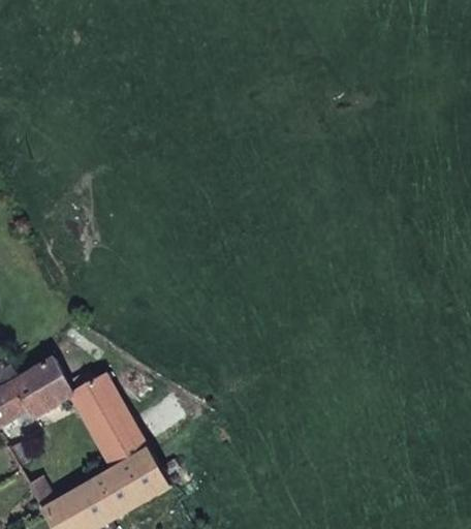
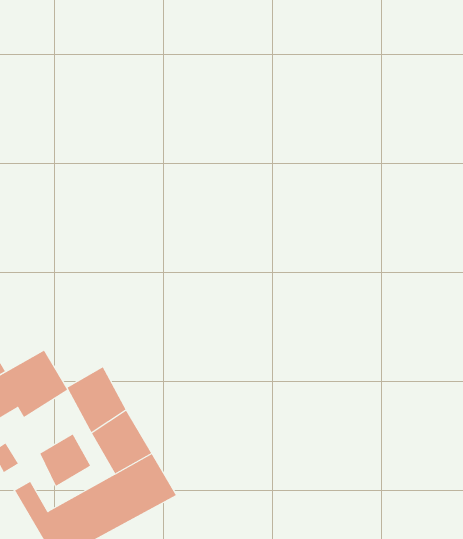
building: none -> [40,434,91,487]

